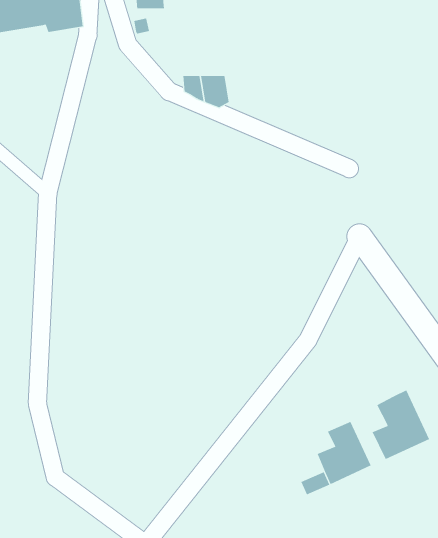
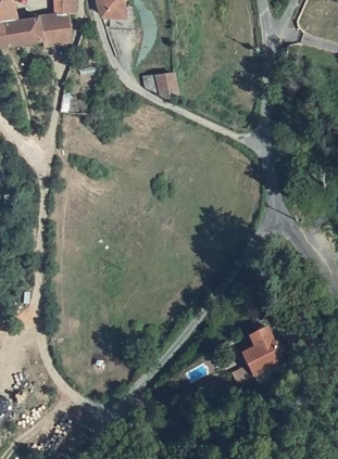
building: [372,390,430,460] -> none

